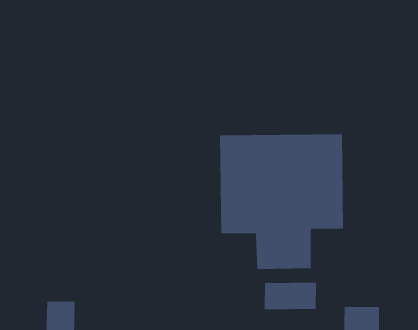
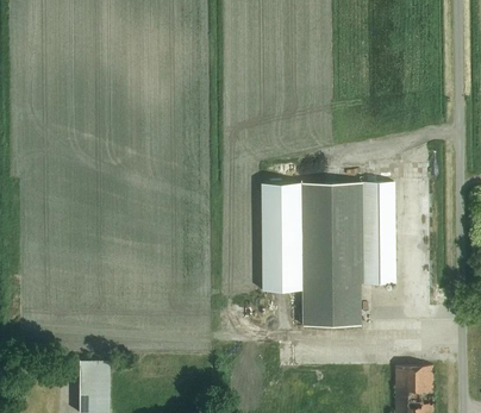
building: [264,282,317,310] -> none

